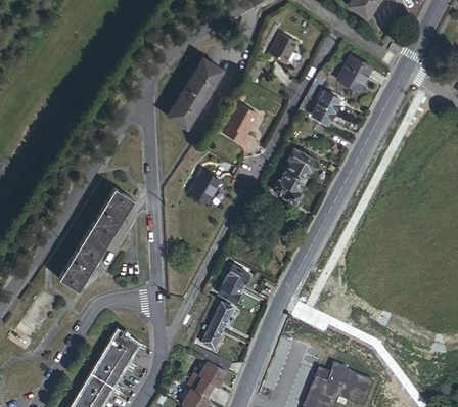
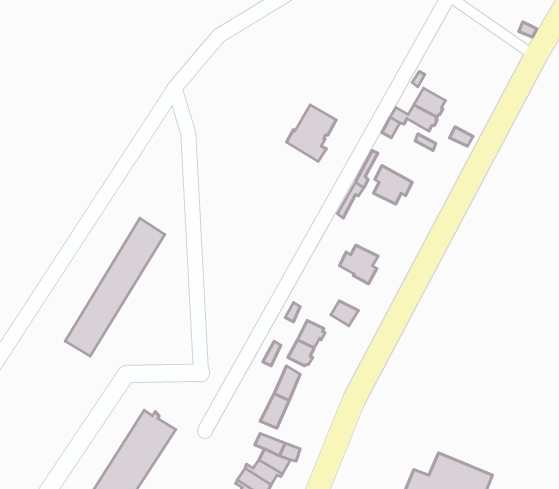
building: [270,36,297,65] -> none
building: [170,57,226,127] -> none
building: [337,57,371,91] -> none
building: [275,171,304,199] -> [339,245,378,284]
building: [192,173,221,205] -> none

